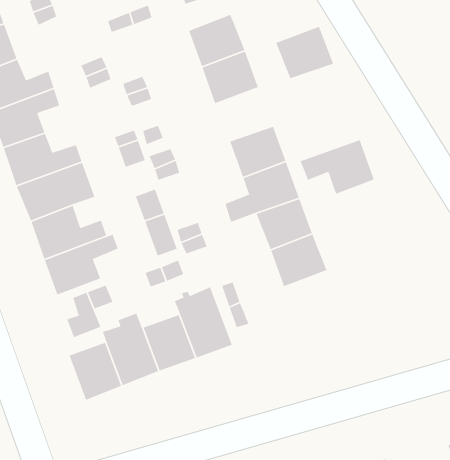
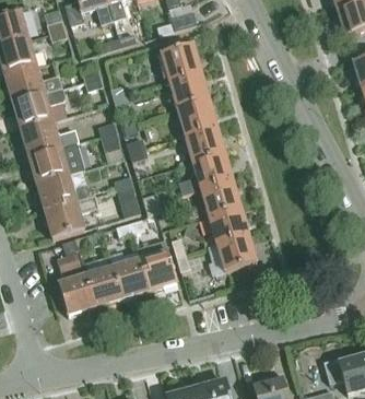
building: [275,26,334,79] -> [176,97,217,134]
building: [300,139,375,195] -> none
building: none -> [216,233,257,270]

